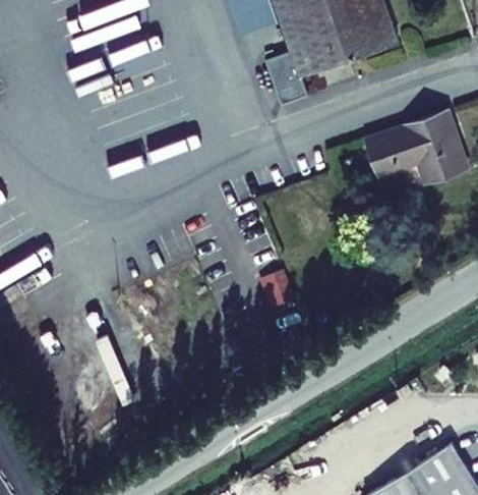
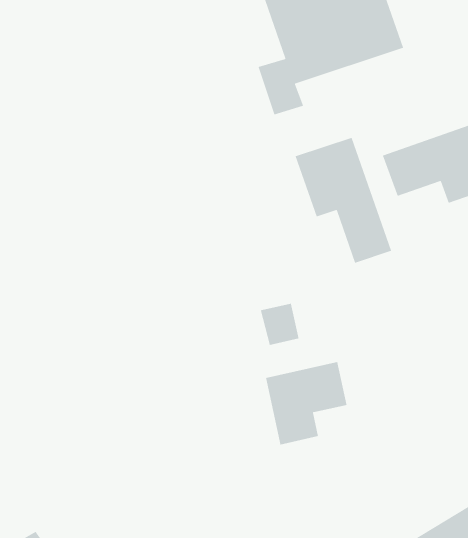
building: none -> [295,137,392,264]
building: none -> [265,361,348,445]

